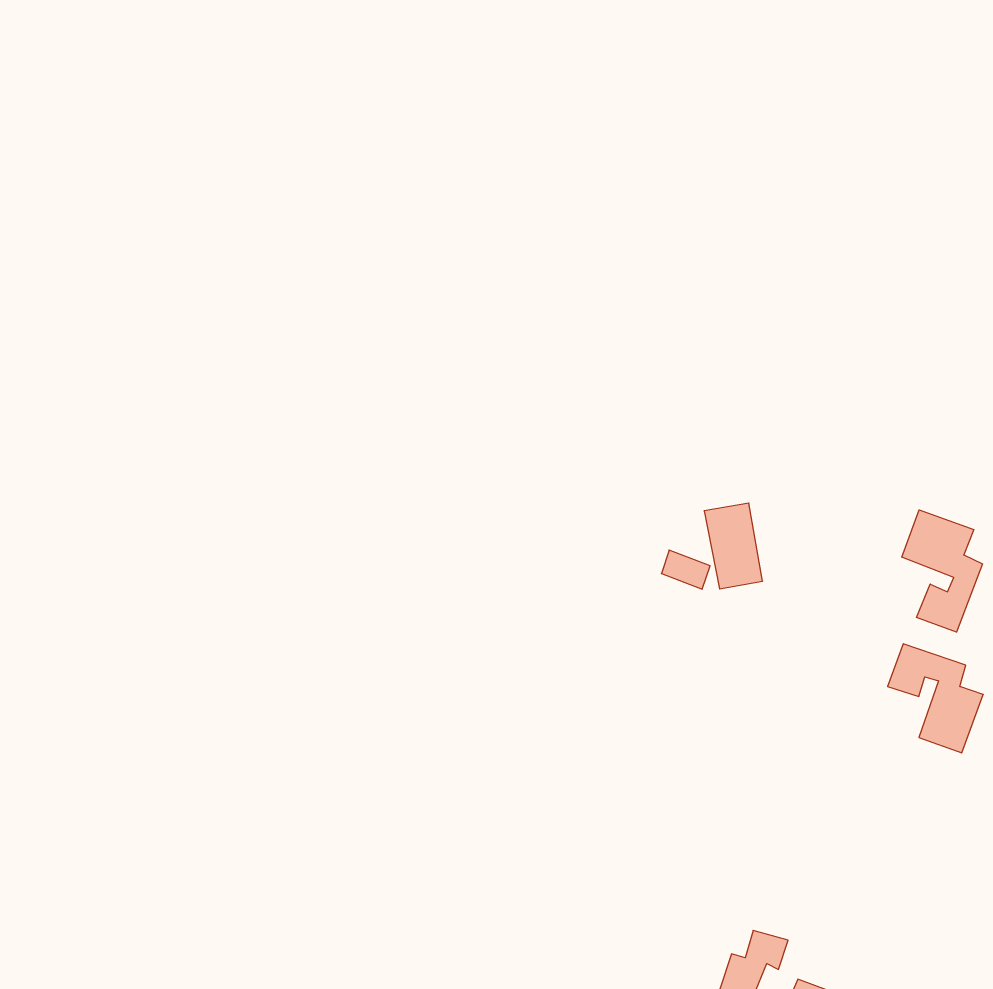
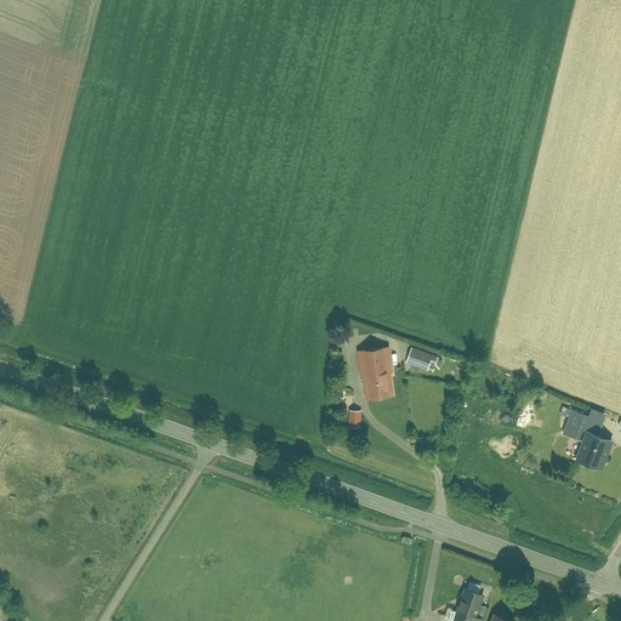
building: [704,503,763,589] -> [357,348,393,401]
building: [902,510,982,632] -> none

